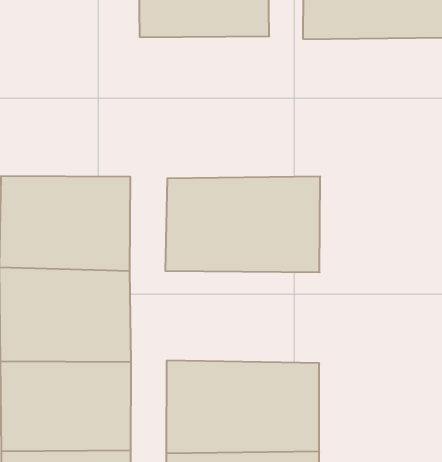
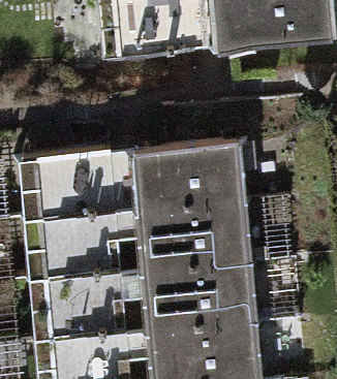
building: none -> [137,206,246,274]

